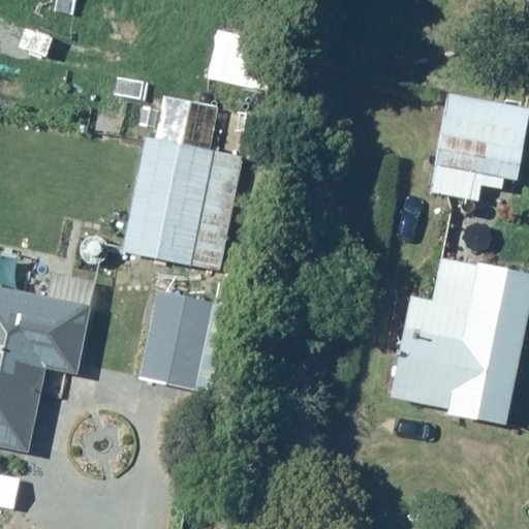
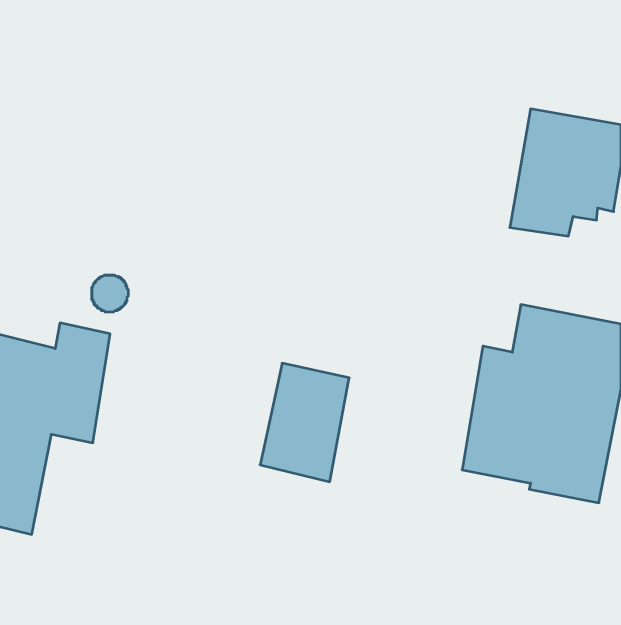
building: [124,95,241,269] -> none
building: [136,291,212,392] -> [260,363,349,482]

